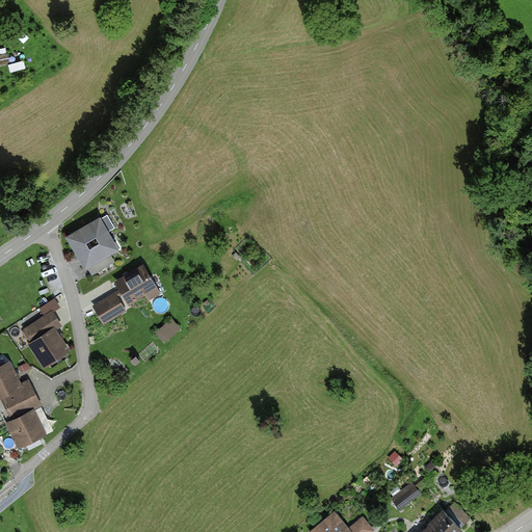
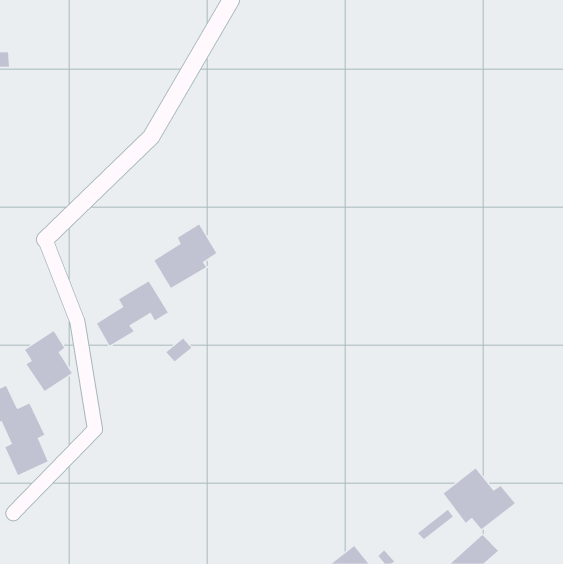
building: none -> [154,223,217,289]
building: [66,217,117,267] -> none
building: none -> [443,468,516,530]

